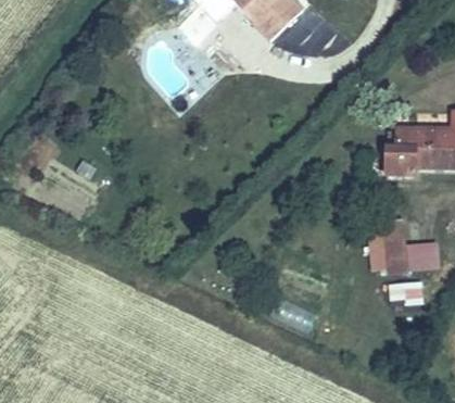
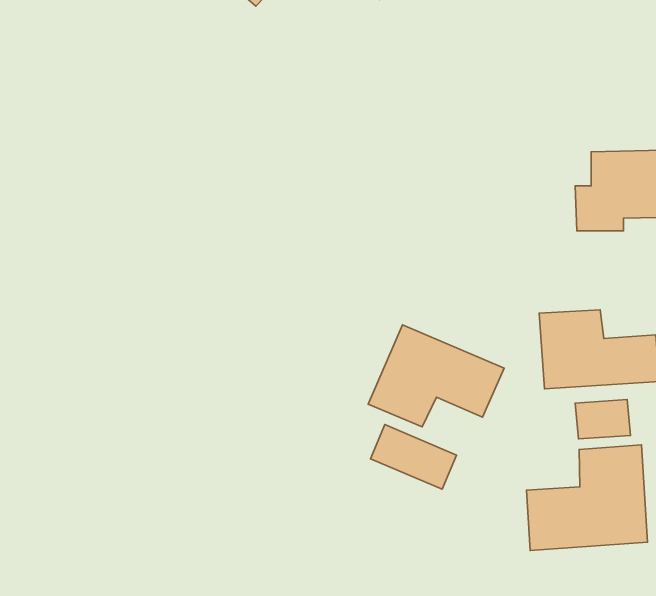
building: none -> [368,325,504,427]
building: none -> [527,445,648,550]

